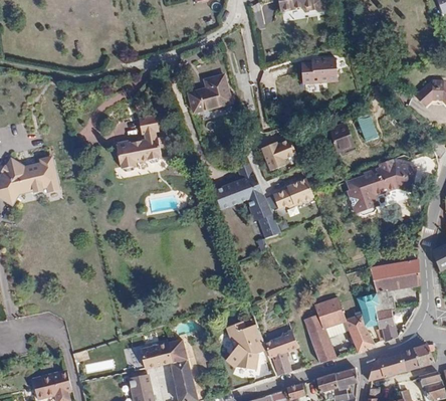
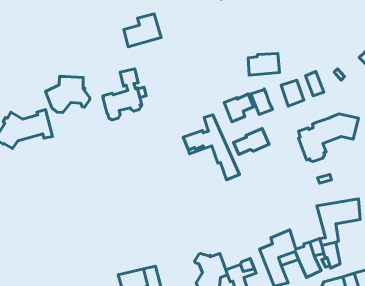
building: [300,58,337,83] -> [248,53,280,75]
building: [188,74,231,113] -> [124,14,161,47]
building: none -> [46,76,90,112]
building: none -> [251,89,272,115]

